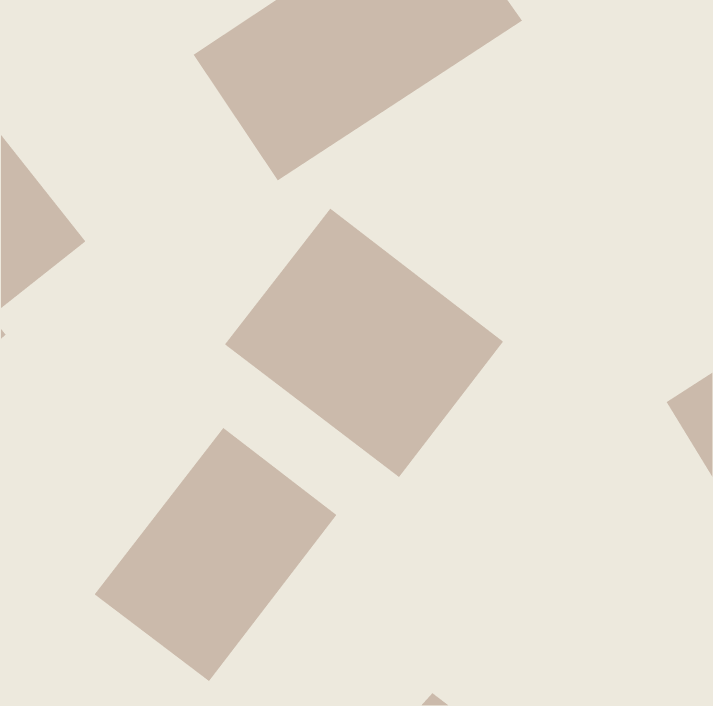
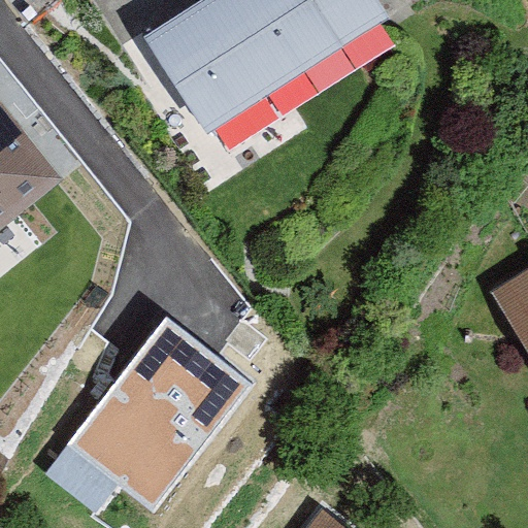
building: [224,207,504,478] -> none

